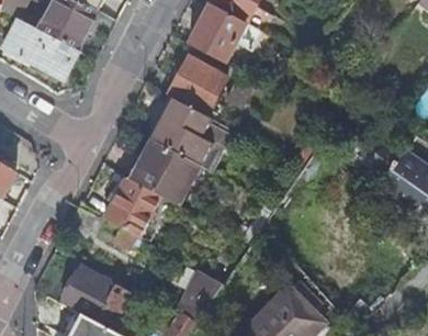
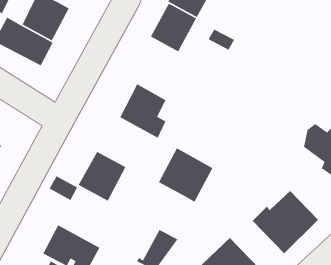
building: [170,56,226,114] -> none
building: [132,139,198,205] -> [158,147,213,203]
building: none -> [252,190,319,254]

